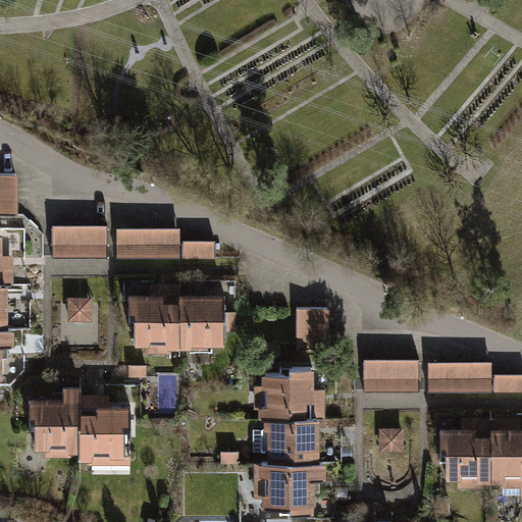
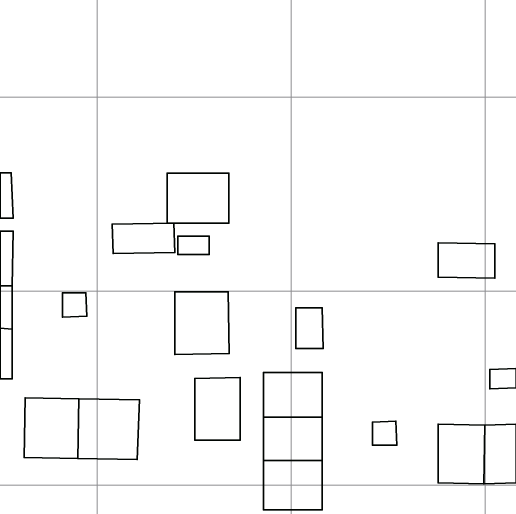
building: none -> [167,173,229,223]
building: [50,223,104,256] -> none
building: [130,295,176,358] -> [195,377,240,440]
building: [360,357,417,393] -> none
building: [428,357,485,393] -> [438,243,495,278]

